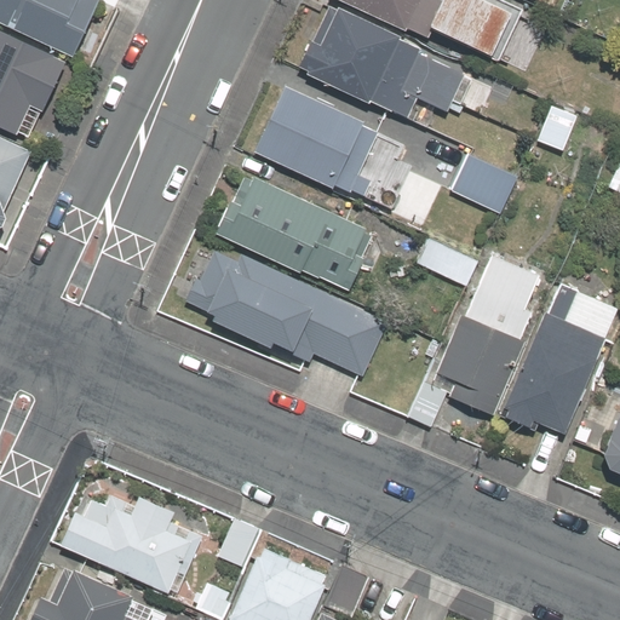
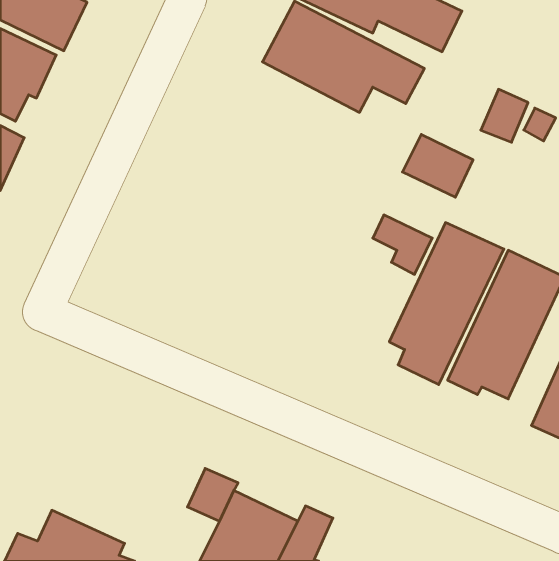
building: [249,85,379,205] -> none
building: [213,168,371,291] -> none
building: [189,248,391,377] -> none
building: [54,481,207,598] -> none

